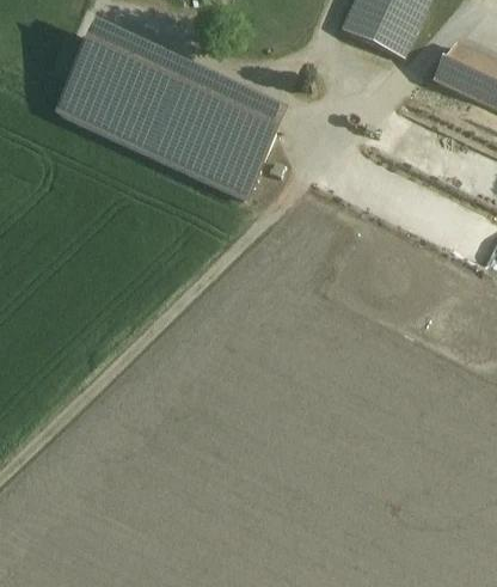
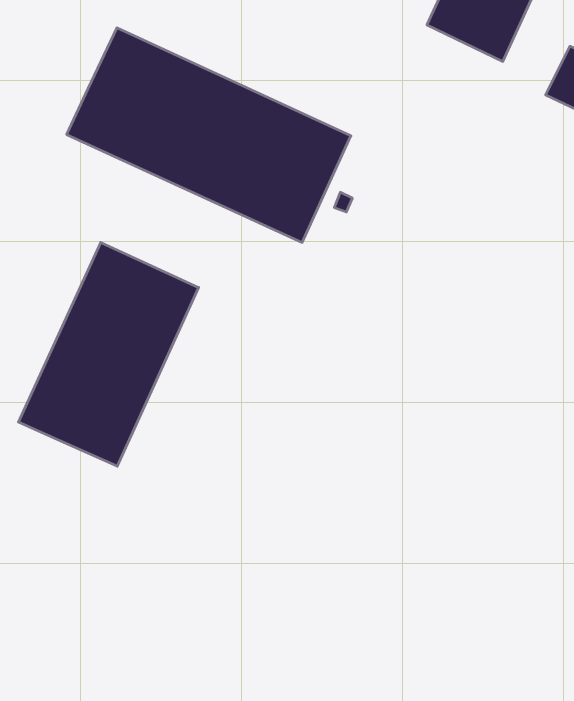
building: none -> [18,242,199,466]

